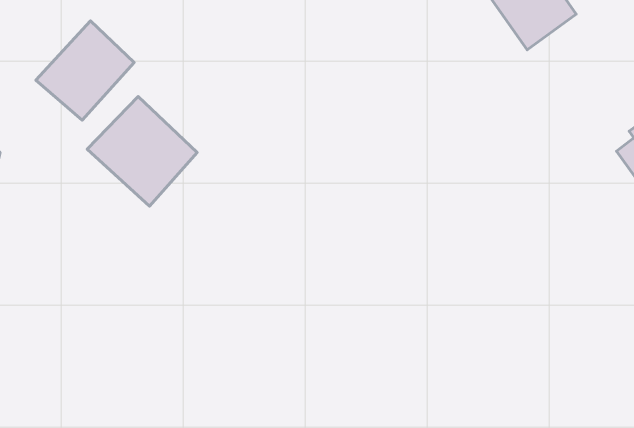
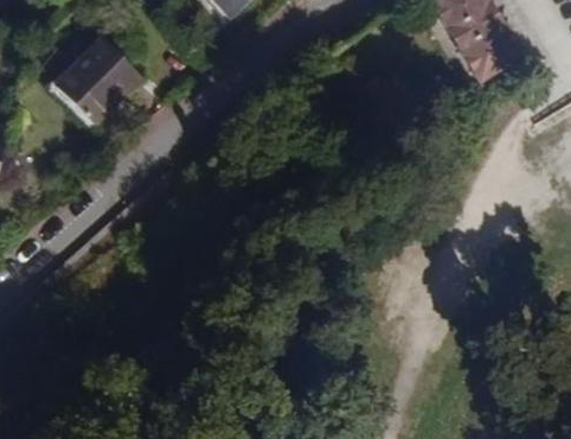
building: [87,97,197,206] -> none

